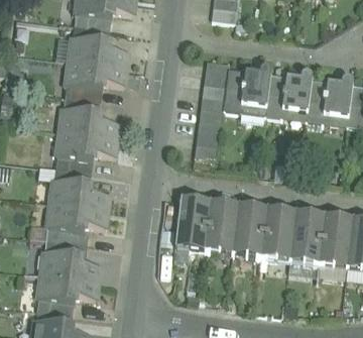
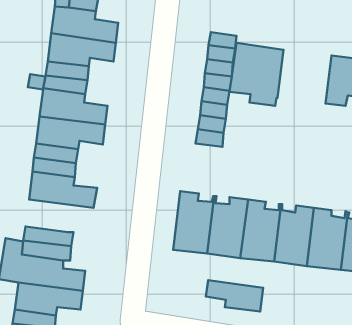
building: [264,75,311,121] -> none
building: [47,204,106,232] -> none
building: none -> [206,280,263,312]

